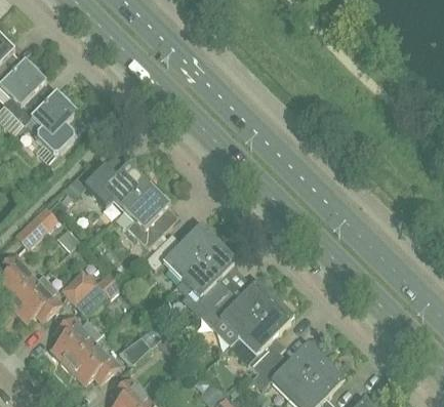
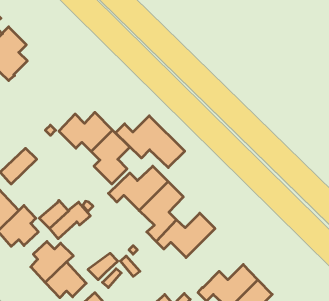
building: [31,91,78,157] -> none
building: none -> [115,116,185,168]
building: [238,302,291,373] -> none

